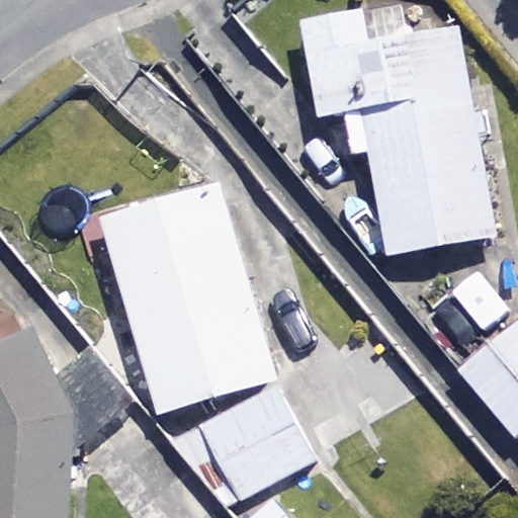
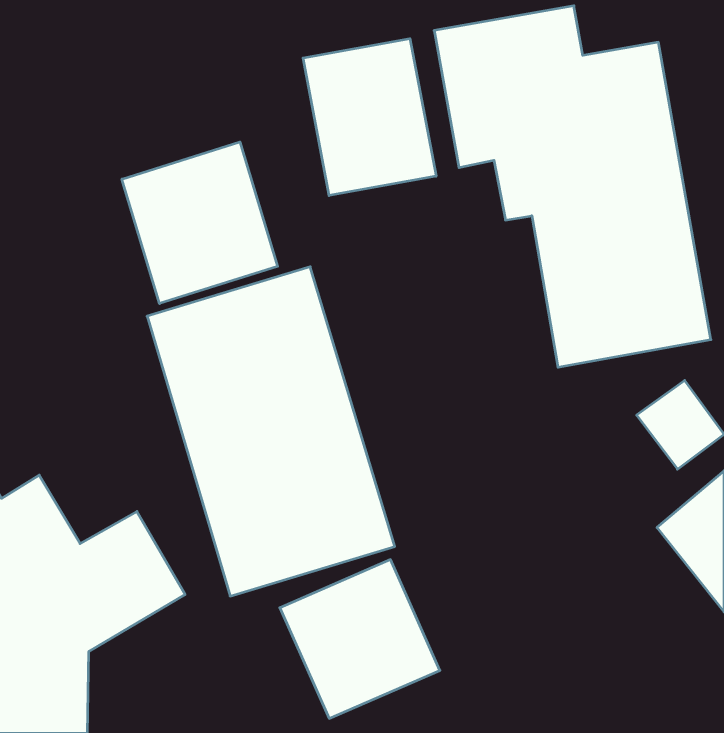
building: none -> [303,39,436,196]
building: none -> [122,142,278,304]

